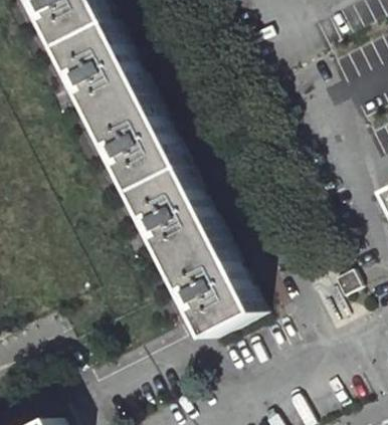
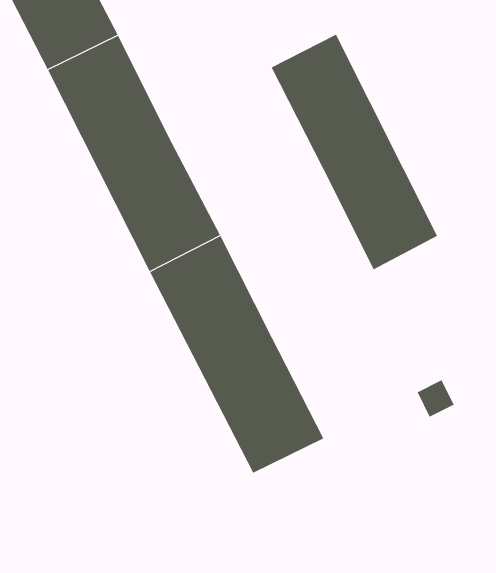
building: none -> [271,34,438,270]

